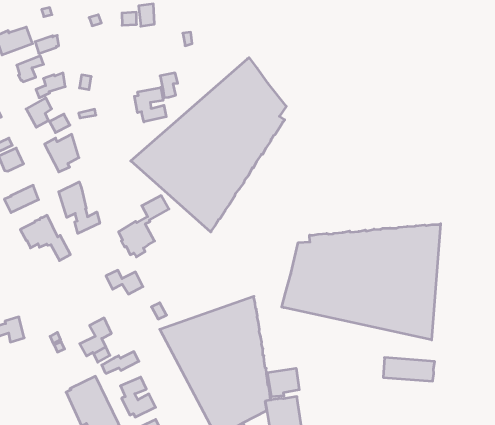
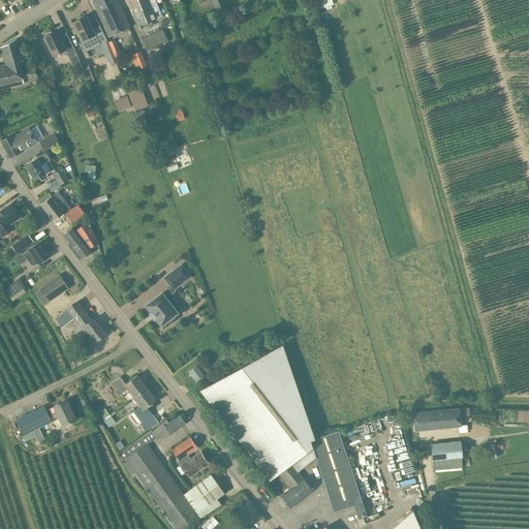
building: [131,58,286,232] -> none
building: [134,87,166,122] -> none
building: [59,182,100,233] -> none
building: [282,224,441,340] -> none
building: [106,270,143,294] -> [111,375,147,397]
building: [383,358,435,381] -> [412,408,461,431]
building: [268,368,299,397] -> none

